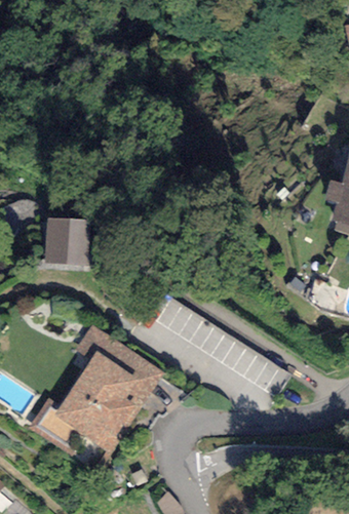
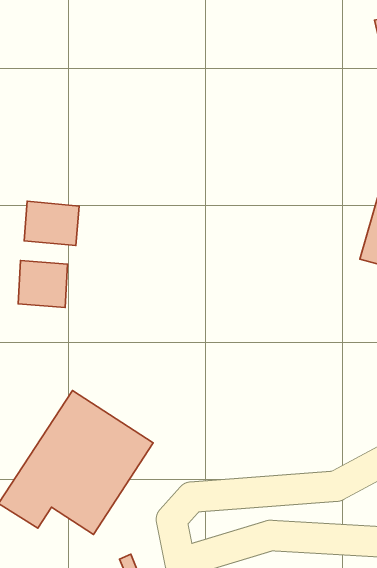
building: none -> [24,201,79,246]

